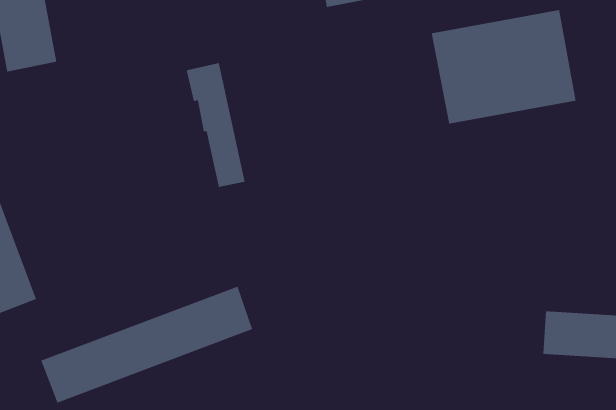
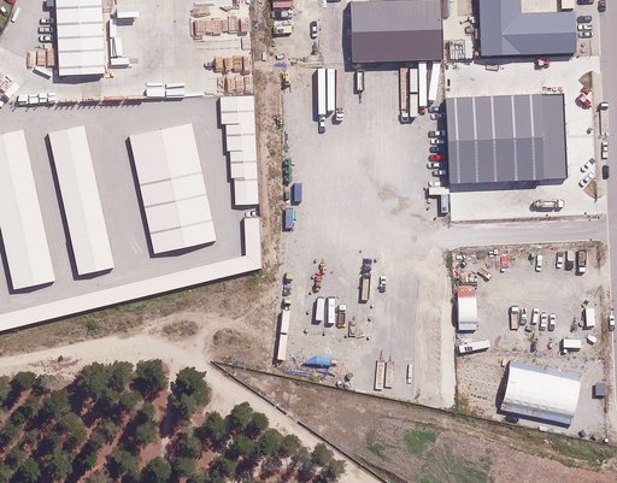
building: none -> [130,128,216,255]
building: none -> [49,125,113,273]
building: [41,286,253,403] -> none

